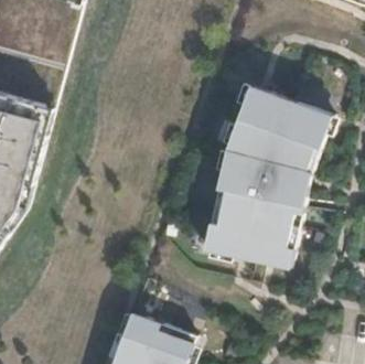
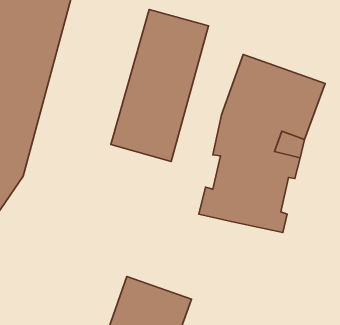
building: none -> [111,10,209,162]

